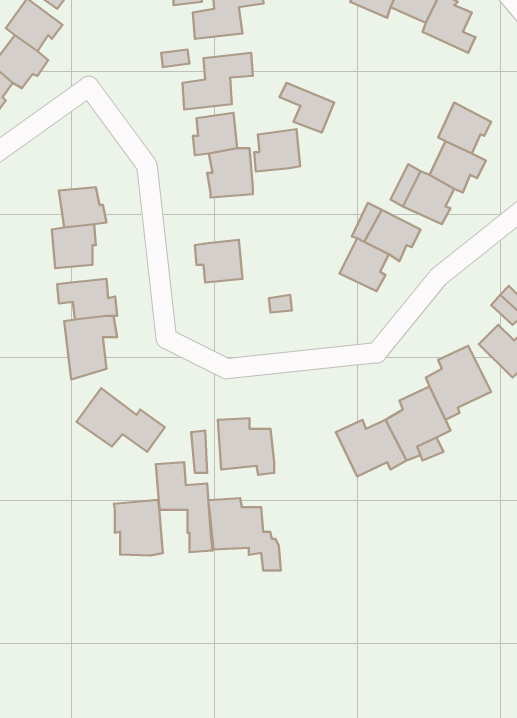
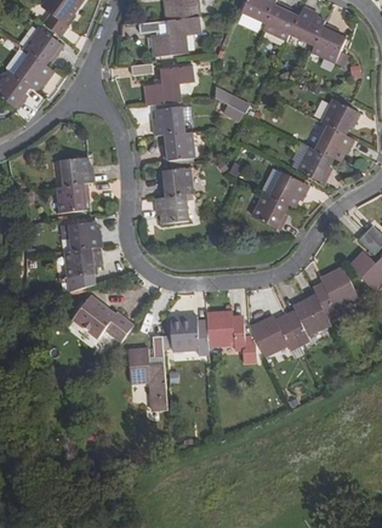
building: [254,129,300,172] -> [160,166,192,195]
building: [208,498,281,571] -> [205,311,255,360]
building: [114,500,163,555] -> none

